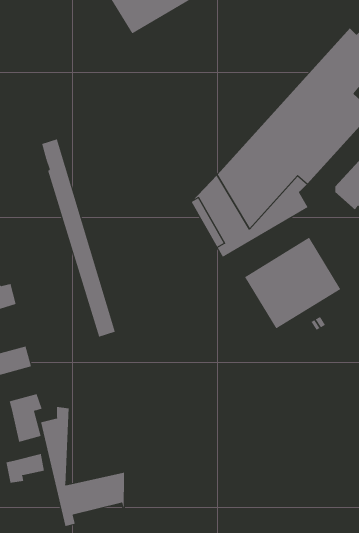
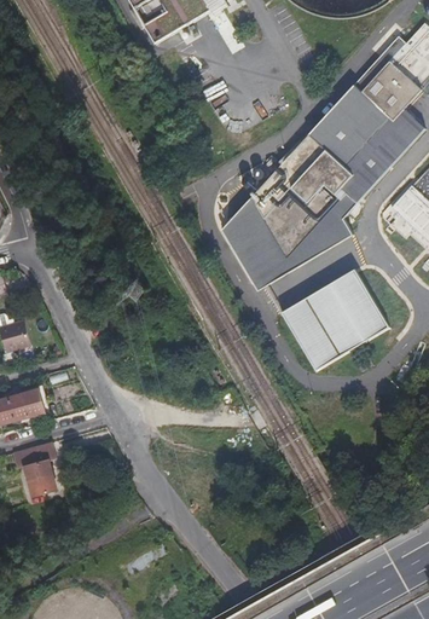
building: [41,139,115,338] -> none
building: [40,406,125,527] -> none
building: [6,453,44,483] -> none

